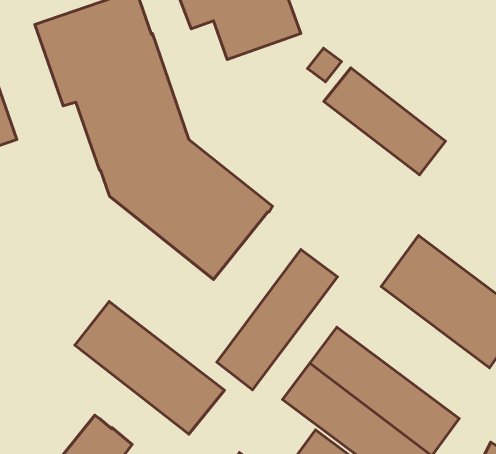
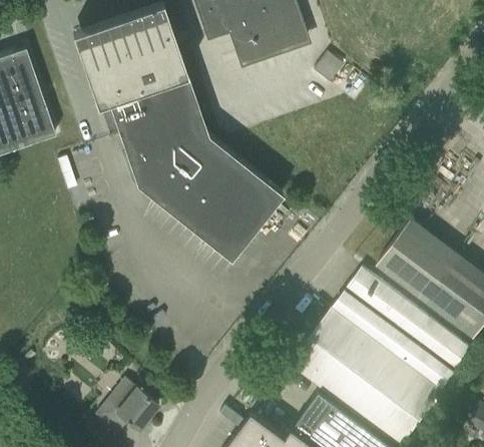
building: [324,68,445,175] -> none
building: [217,249,337,390] -> none
building: none -> [339,270,471,383]
building: [75,301,224,434] -> none

